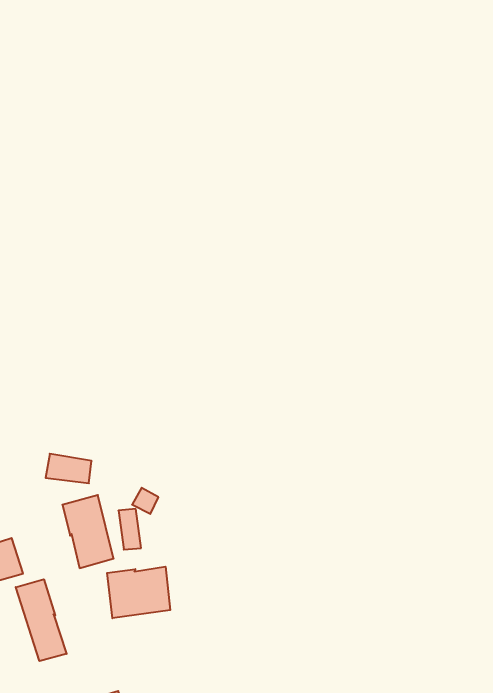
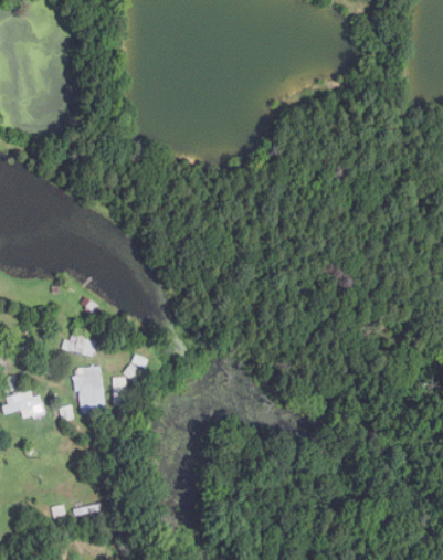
building: [107,567,170,618] -> none
building: [16,579,67,661] -> none

